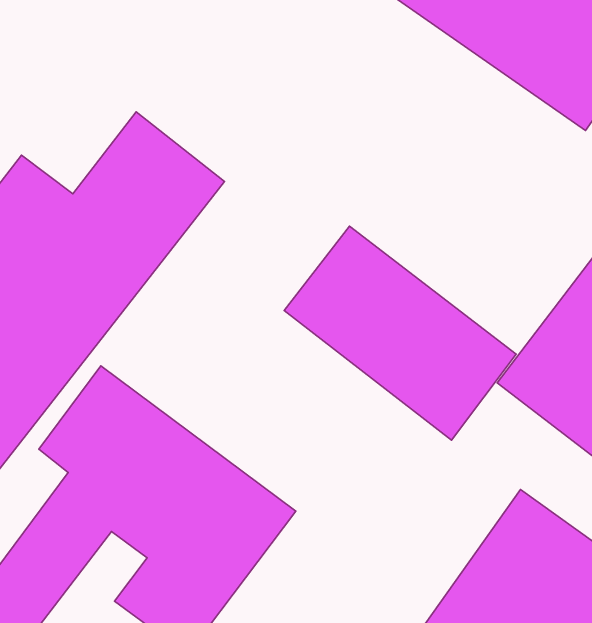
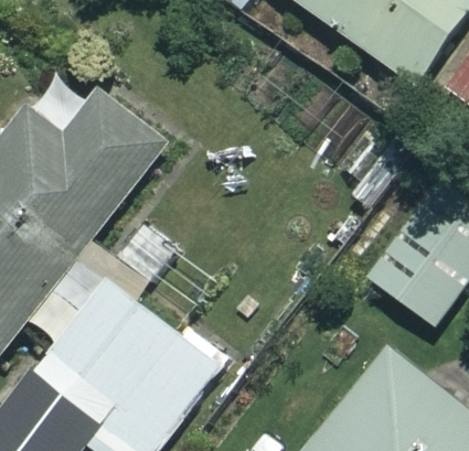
building: [284,226,516,440] -> none

